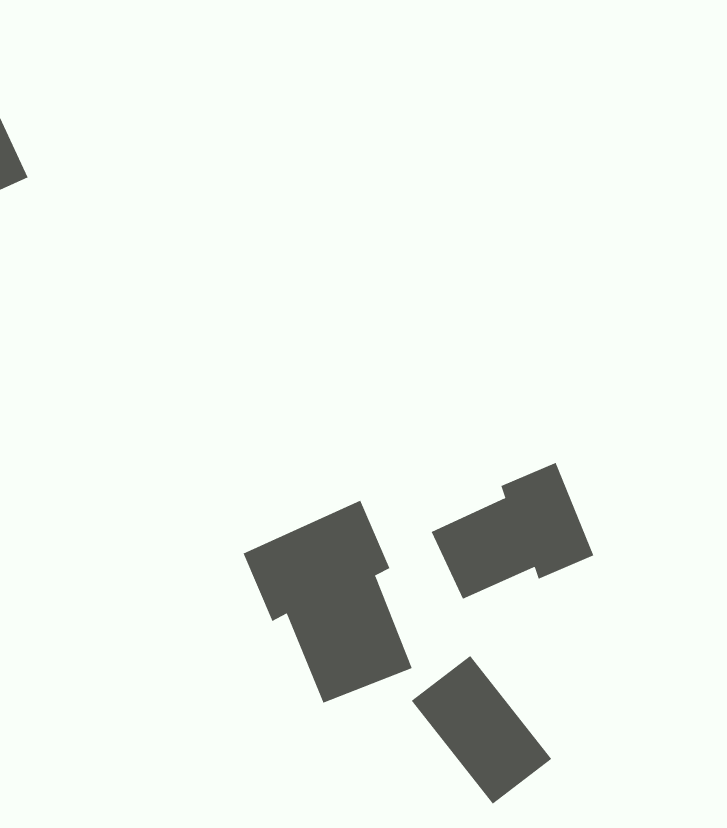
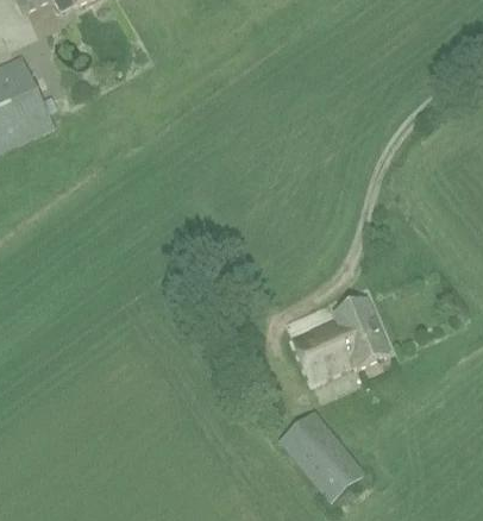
building: [243,500,413,703] -> none

